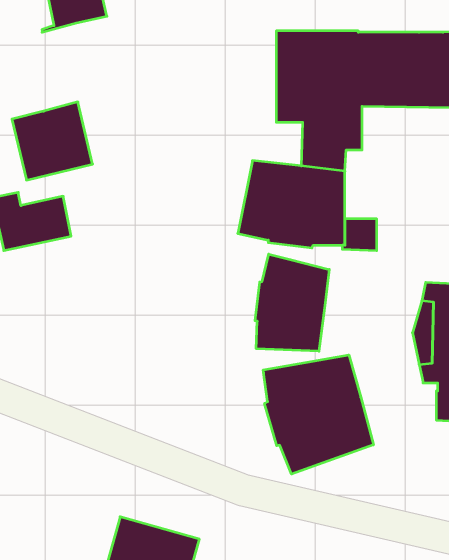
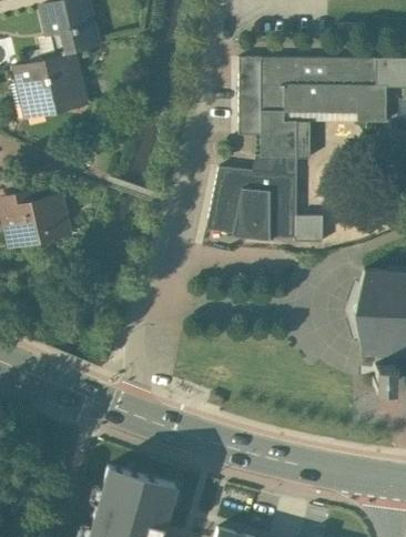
building: [12,102,93,180] -> [17,51,84,116]
building: [255,254,329,351] -> none
building: [263,355,373,474] -> none

